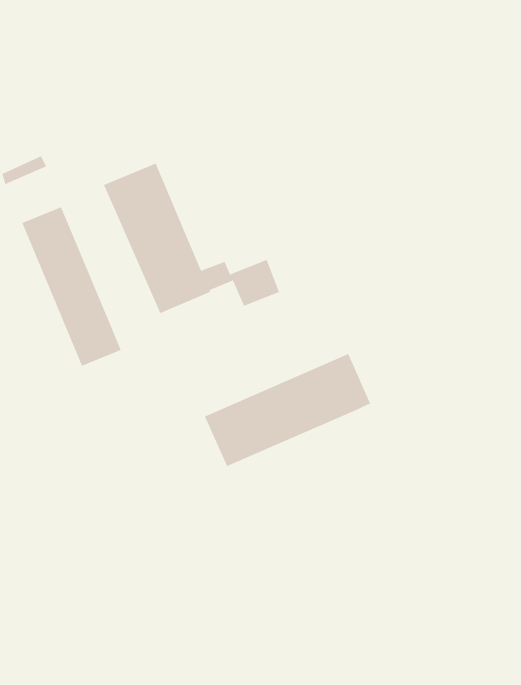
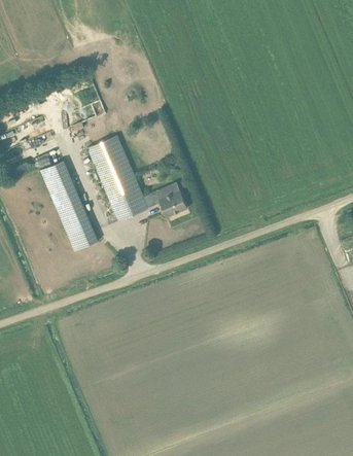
building: [204,353,371,467] -> none

